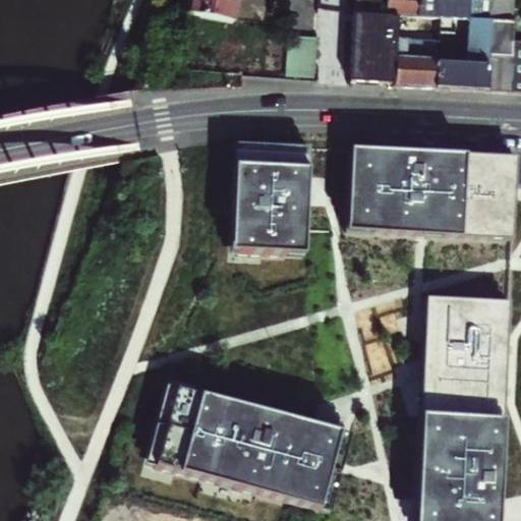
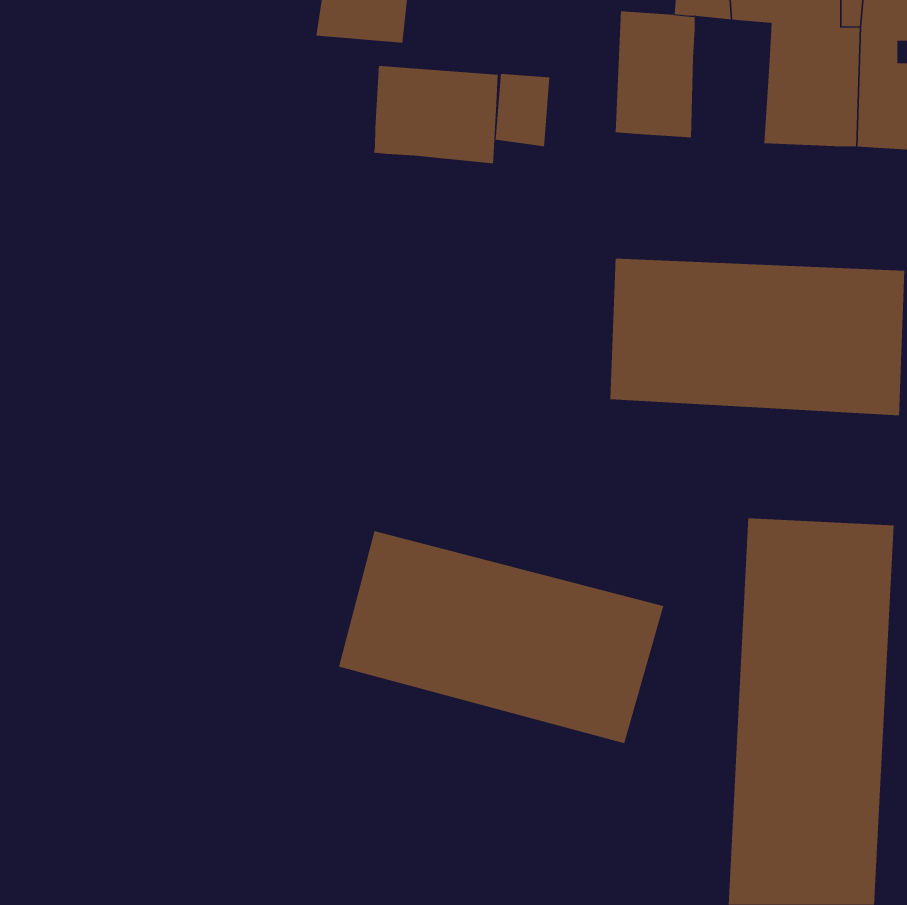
building: [398,33,442,81] -> none
building: none -> [374,65,498,164]
building: [234,140,313,251] -> none
building: [160,385,345,506] -> [338,531,664,744]

